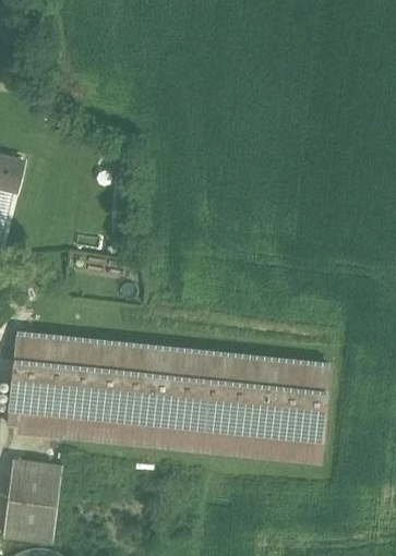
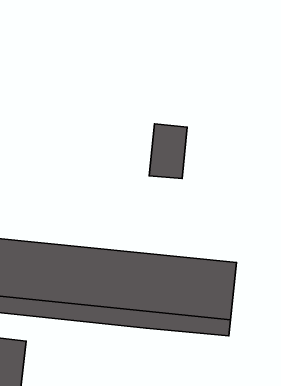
building: none -> [149,124,187,179]

